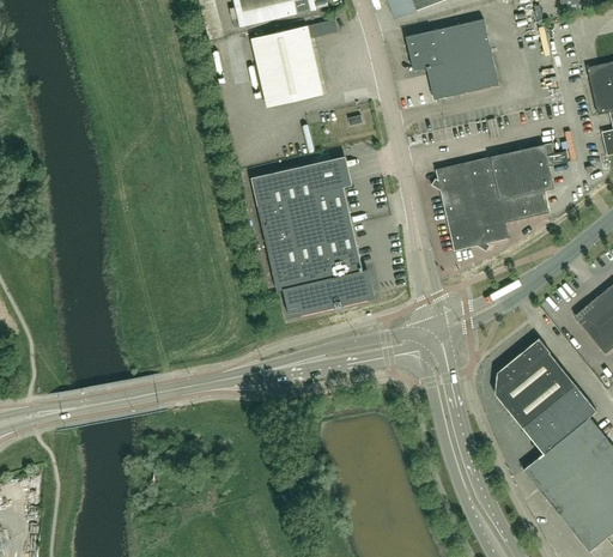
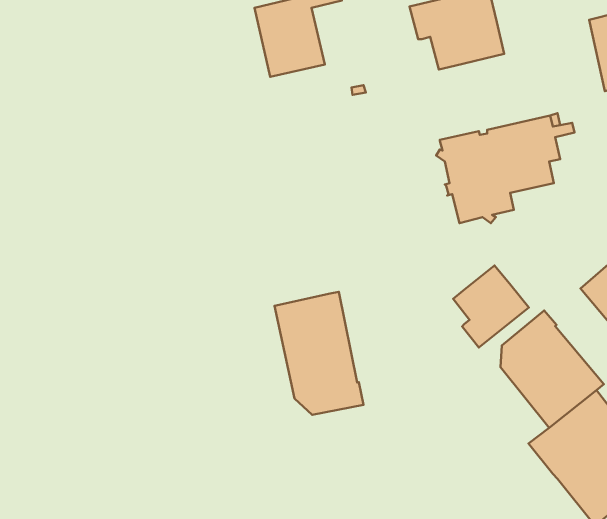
building: [251,157,375,317] -> none
building: none -> [453,265,529,347]
building: none -> [274,292,363,415]

